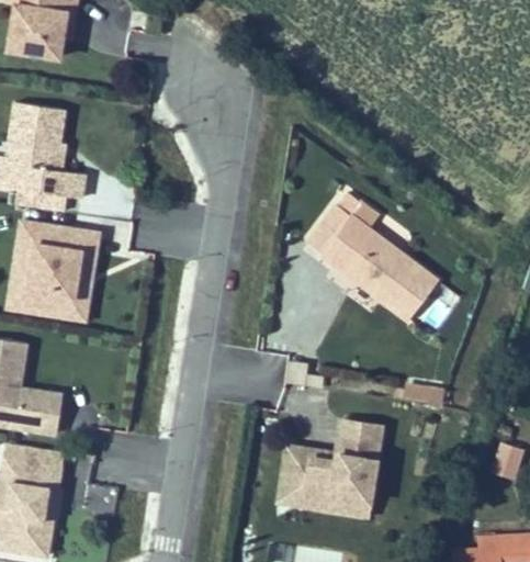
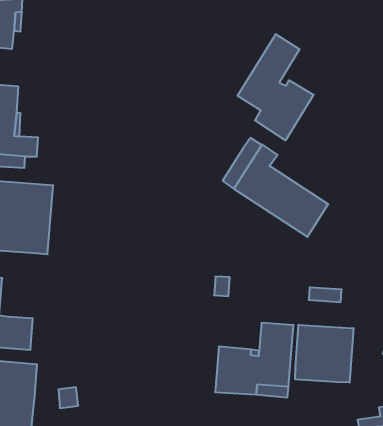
building: none -> [238,34,314,140]
building: none -> [295,325,353,383]

